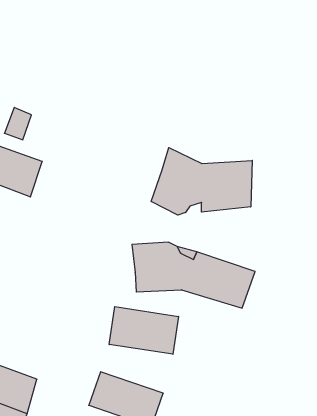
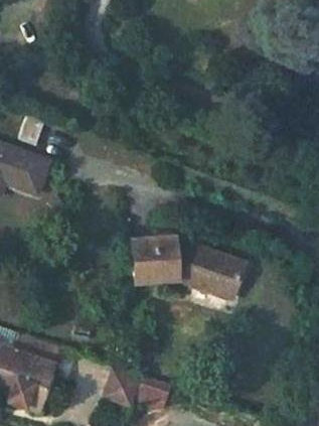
building: [151,148,252,215] -> none
building: [109,307,178,354] -> none

